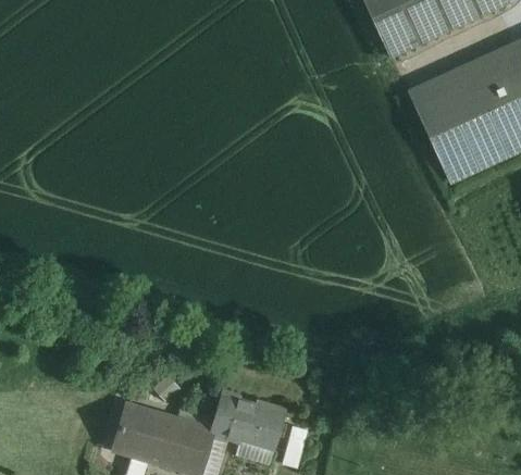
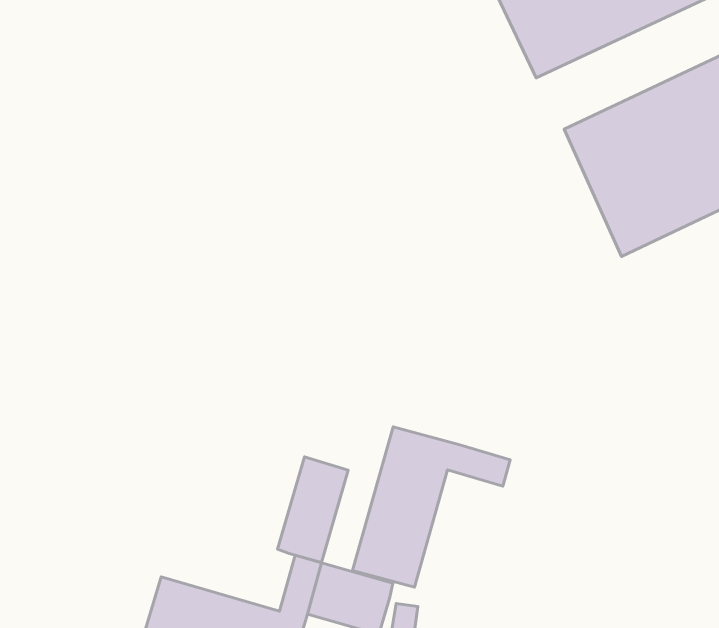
building: none -> [353,427,510,587]
building: none -> [278,457,348,562]

